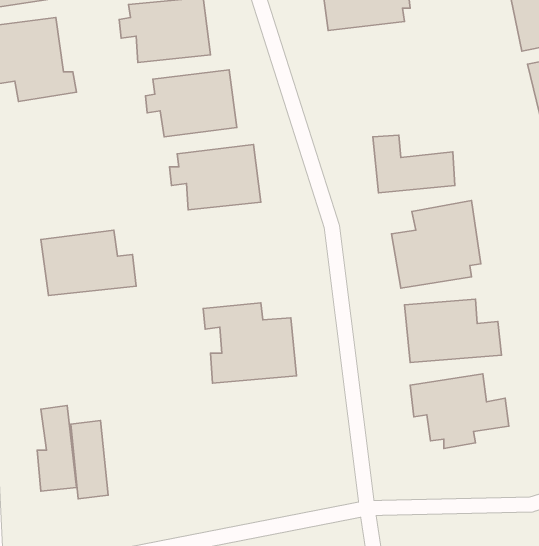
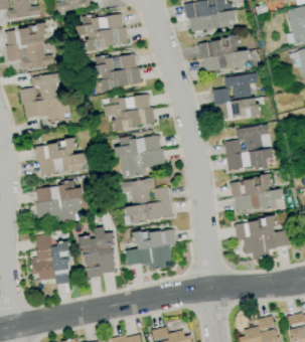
building: none -> [199,36,250,73]
building: none -> [21,73,67,122]
building: none -> [224,73,258,99]
building: none -> [118,134,164,178]
building: none -> [34,182,85,222]
building: none -> [82,227,116,277]
building: none -> [127,228,176,269]

